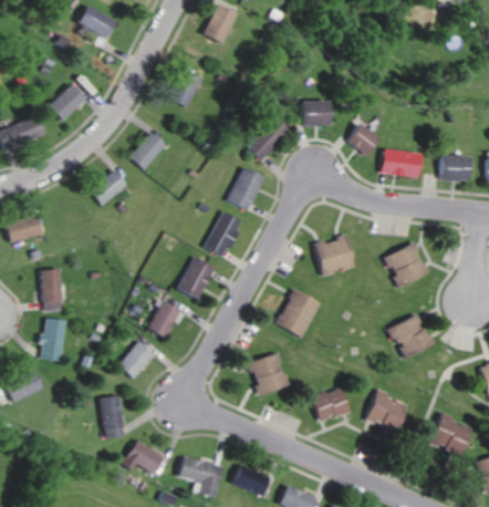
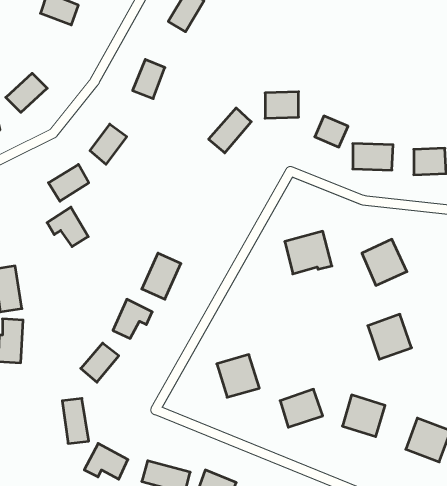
building: [227,167,262,210] -> none
building: [206,210,242,258] -> none
building: none -> [47,207,88,247]
building: [278,289,323,339] -> none

